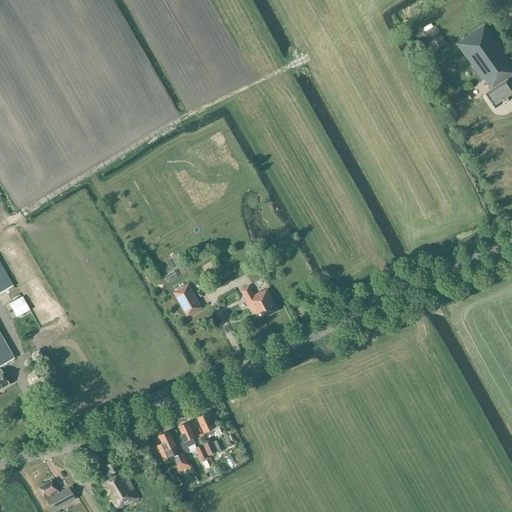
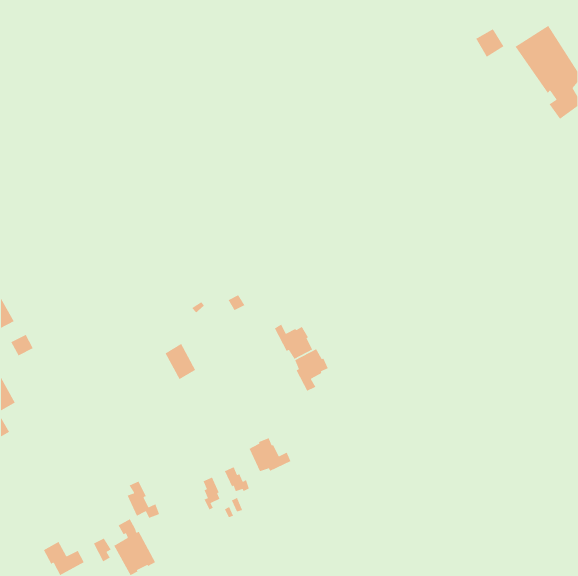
building: [173,282,201,315] -> [165,343,196,380]
building: none -> [294,348,329,392]
building: none -> [249,437,292,472]
building: [157,430,187,464] -> [126,481,160,519]

